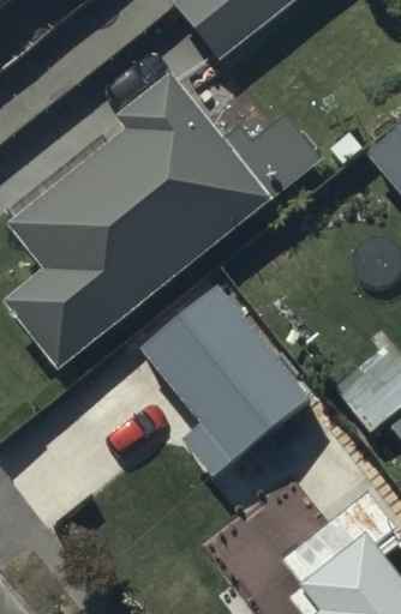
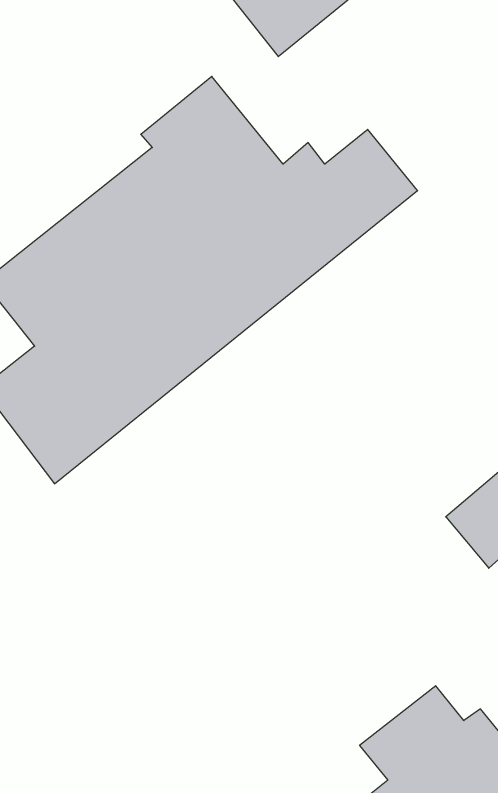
building: [140,284,312,475] -> none

